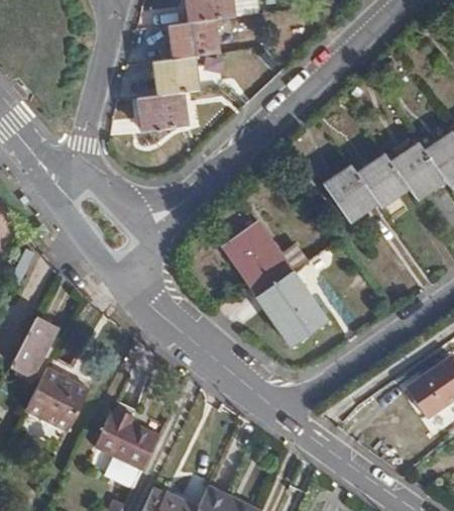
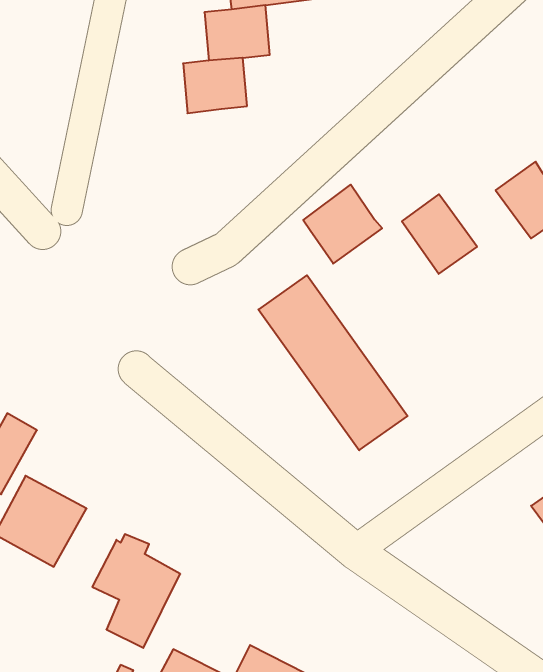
building: [144,103,193,140] -> none
building: [349,151,403,207] -> none
building: none -> [303,185,382,264]

